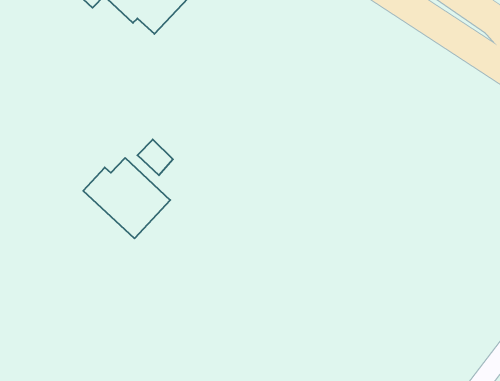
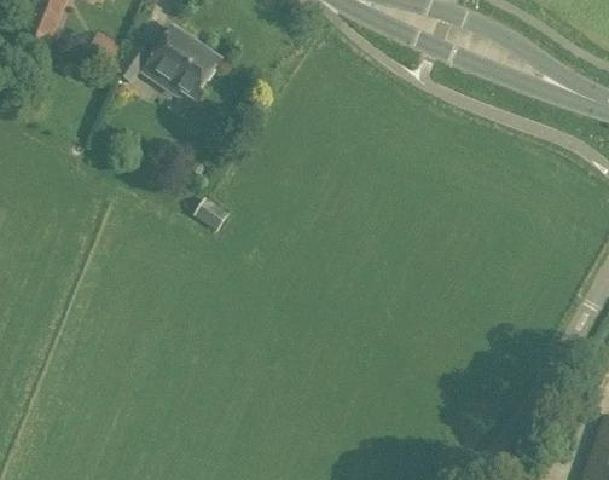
building: [83,158,170,238] -> none

